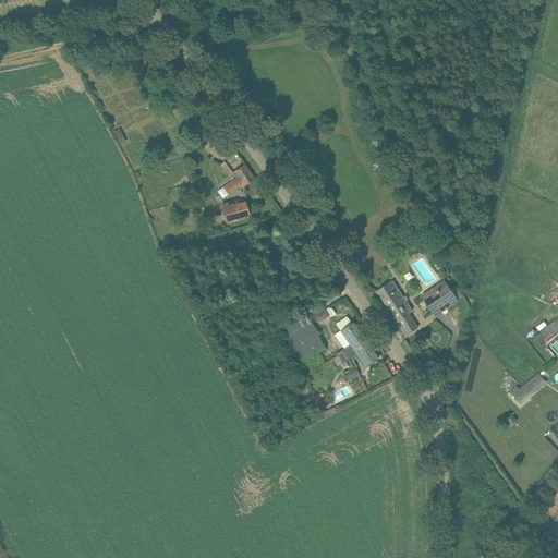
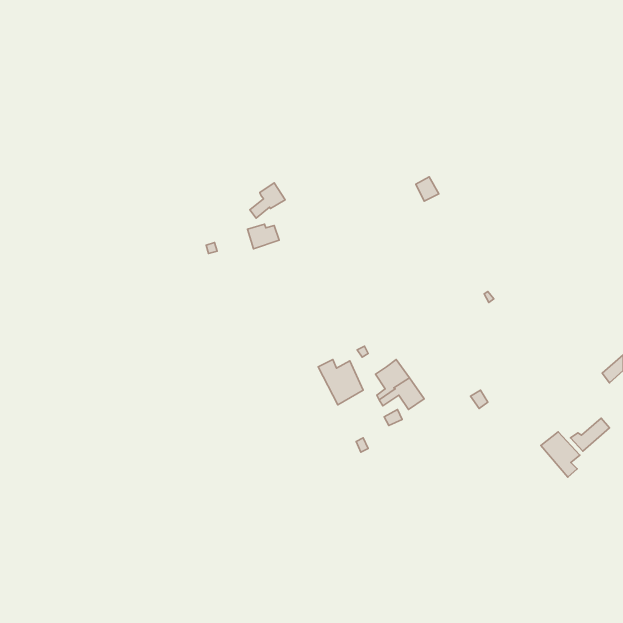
building: [377,280,417,336] -> none
building: [421,280,457,313] -> none
building: none -> [541,432,580,477]

